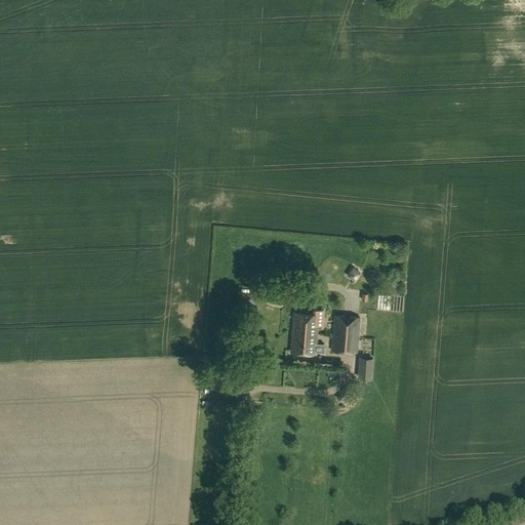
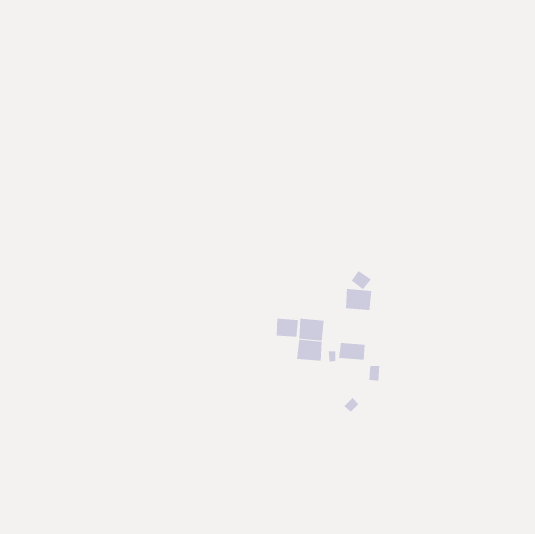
building: none -> [276,318,299,338]
building: [333,317,360,338] -> [345,289,372,311]

